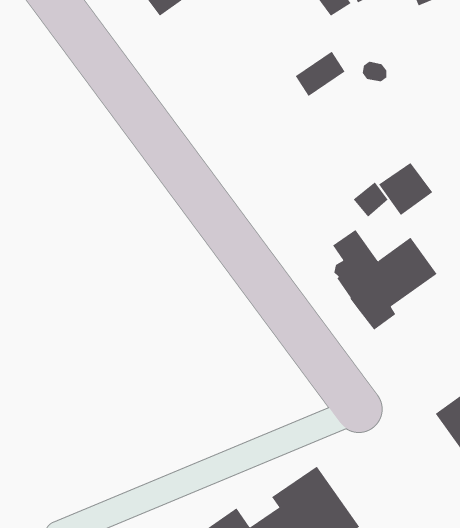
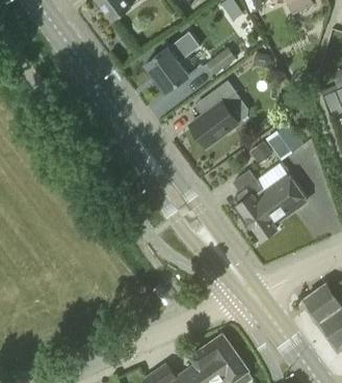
building: none -> [144,32,202,92]
building: none -> [190,80,239,146]

